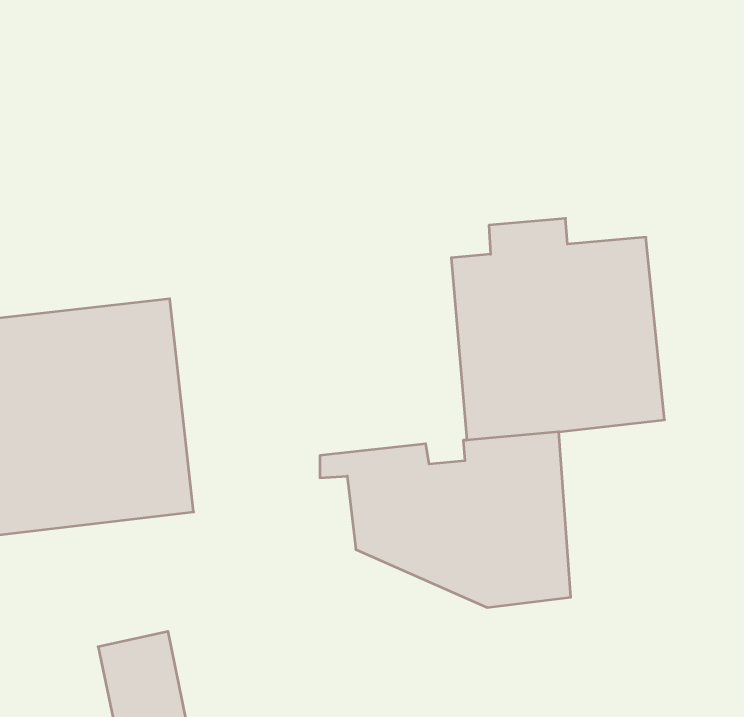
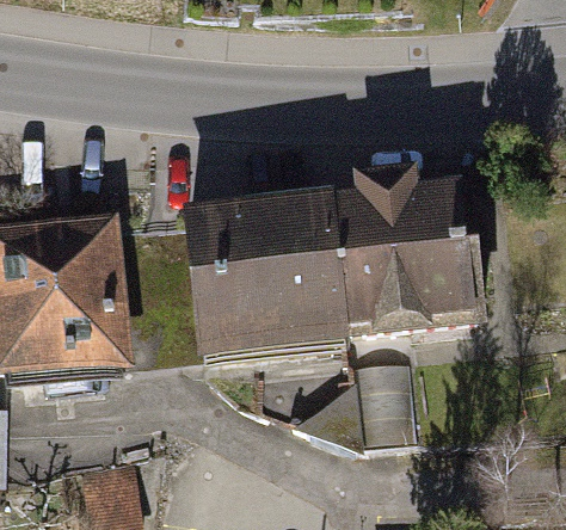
building: none -> [180,196,333,340]

